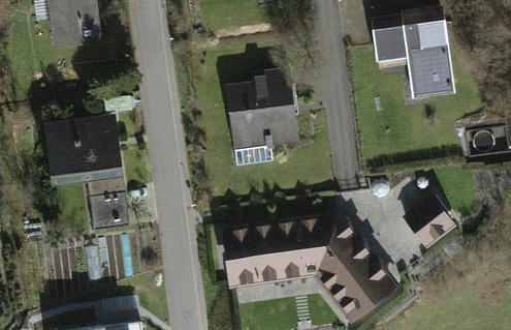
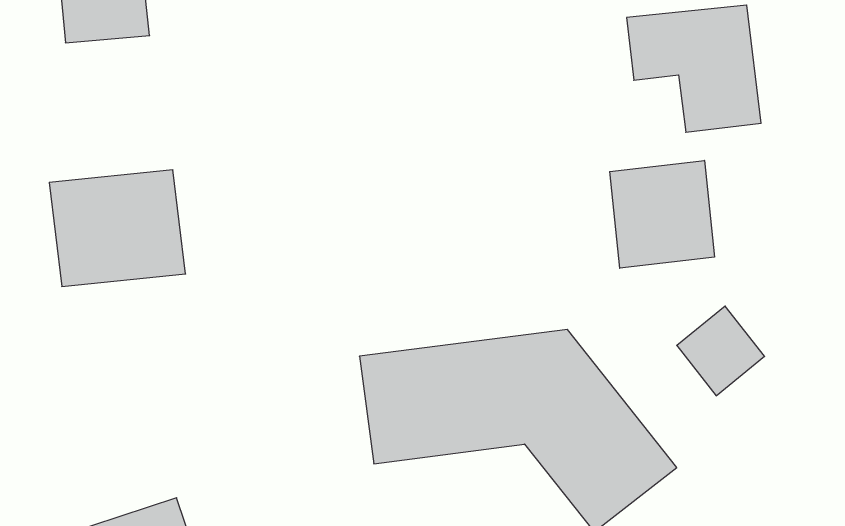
building: [228,70,304,149] -> none
building: none -> [610,160,714,268]

